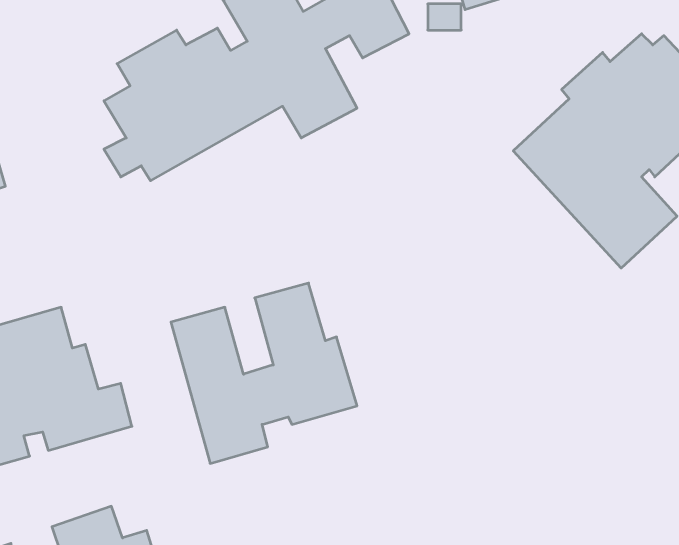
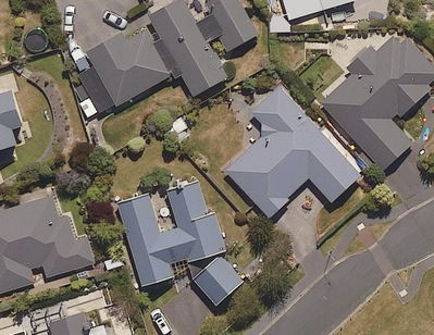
building: none -> [225,87,360,220]
building: none -> [193,256,241,305]

